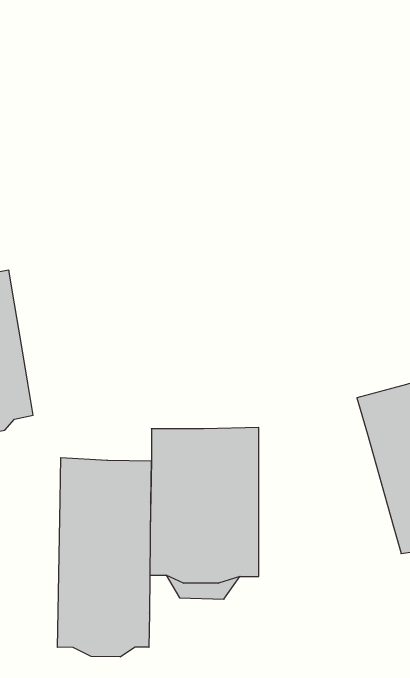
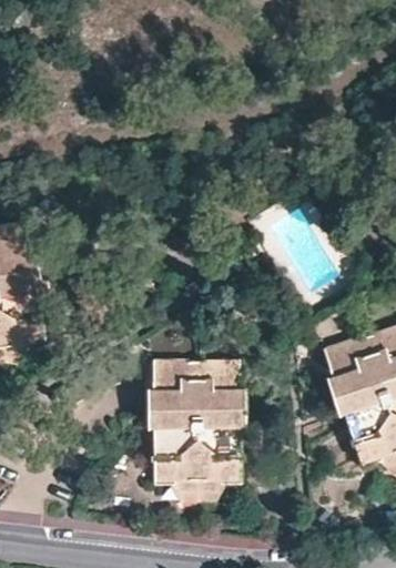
building: [57,458,151,657] -> none

